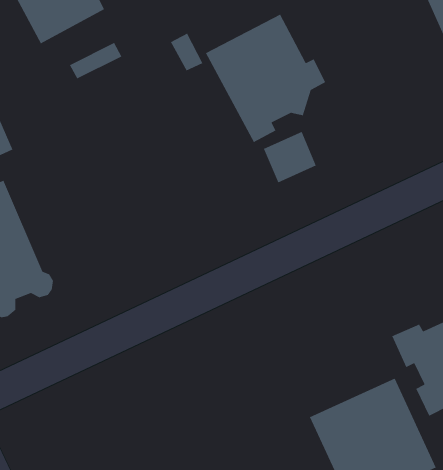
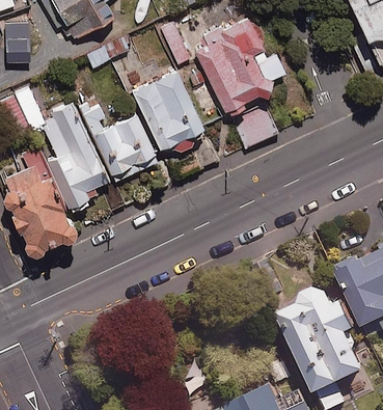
building: none -> [131,69,208,148]
building: none -> [42,103,108,210]
building: none -> [82,104,156,180]

